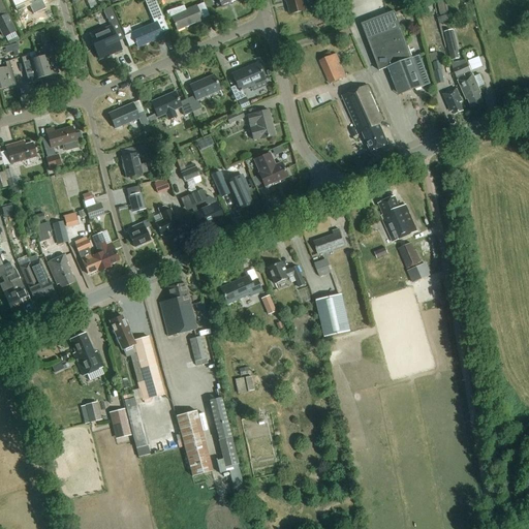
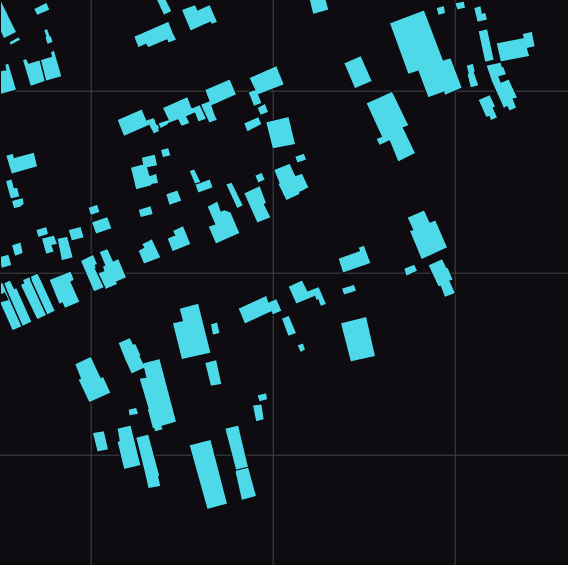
building: [89,6,121,57] -> none
building: none -> [496,31,535,62]
building: [44,125,77,166] -> none

